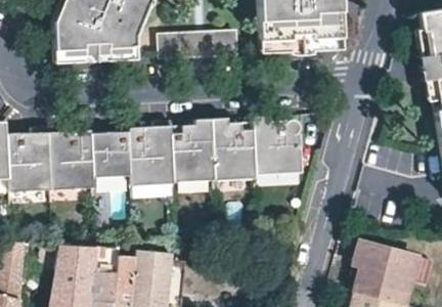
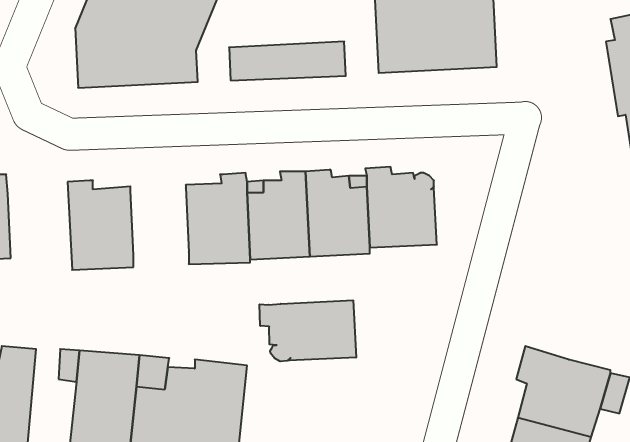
building: [8,128,52,190] -> none
building: [92,132,132,178] -> none
building: none -> [260,300,356,361]

